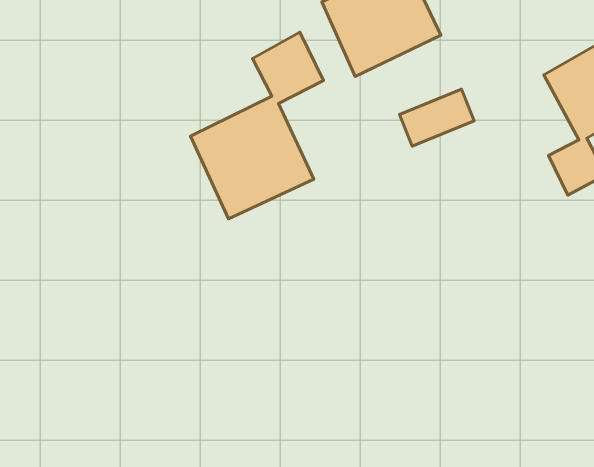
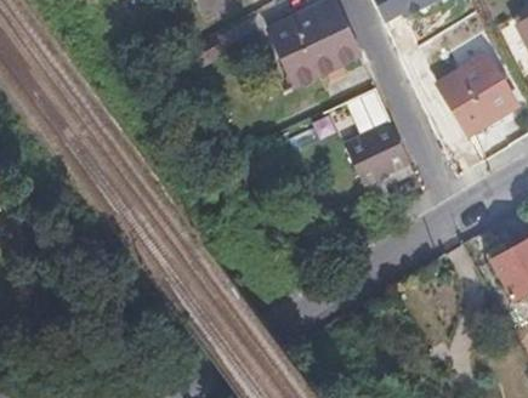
building: [191,32,323,219] -> none
building: none -> [345,119,415,191]

